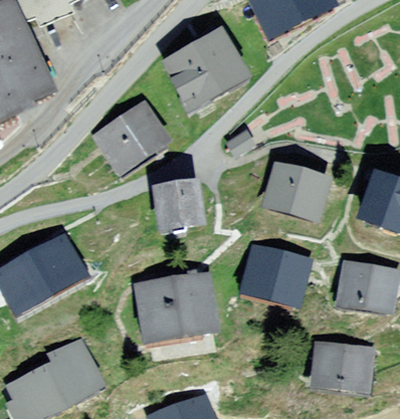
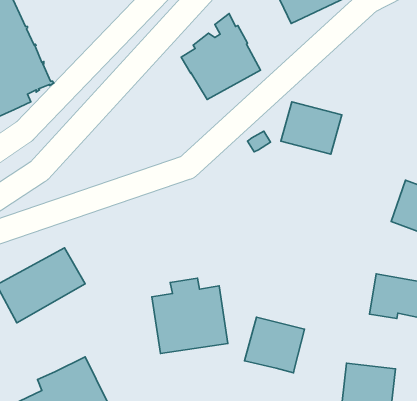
building: [97,109,168,165] -> none
building: [268,168,325,216] -> [281,102,342,154]
building: [157,187,200,228] -> none
building: [249,250,305,301] -> [245,317,304,373]

